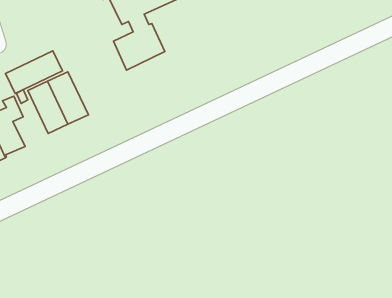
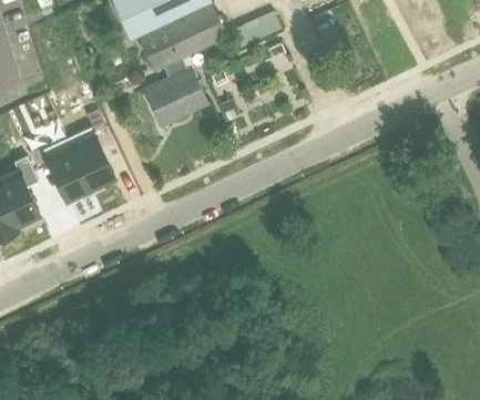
building: [5,51,62,94] -> none

